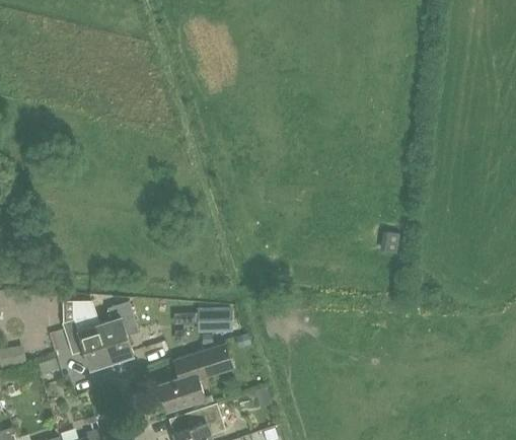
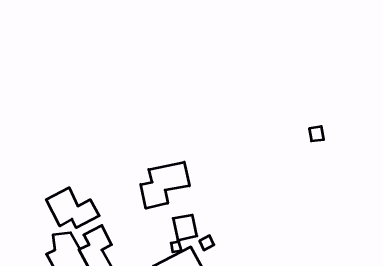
building: none -> [141,162,189,208]
building: none -> [46,188,99,228]

